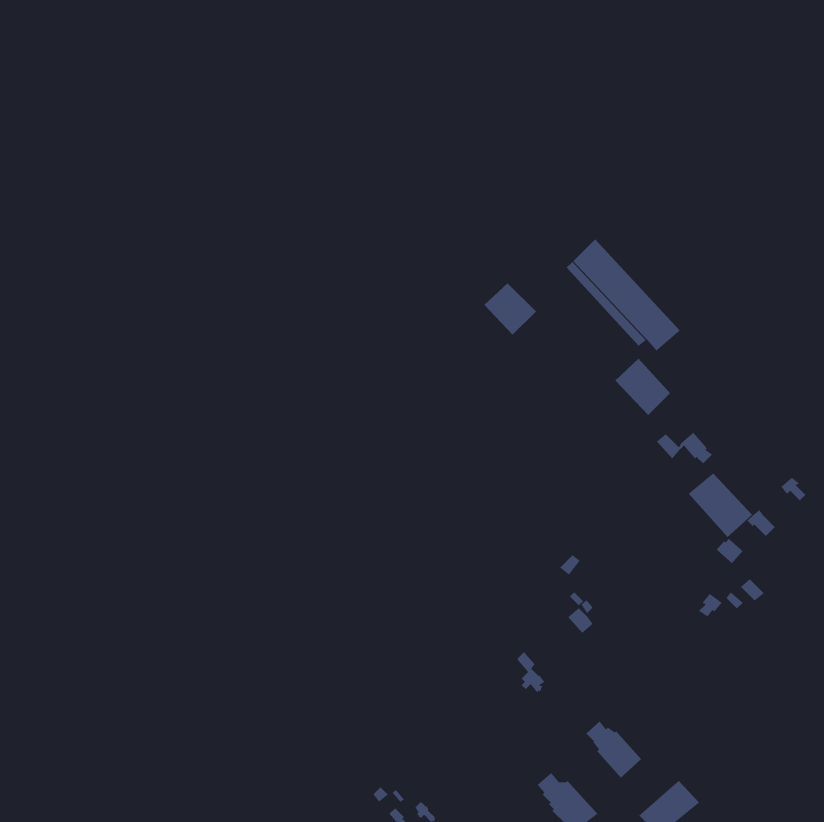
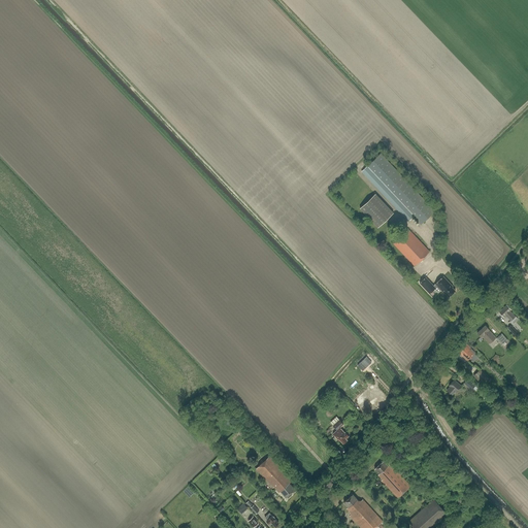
building: [483,282,537,336] -> [359,195,393,229]
building: [688,472,753,538] -> none
building: none -> [254,457,295,498]

